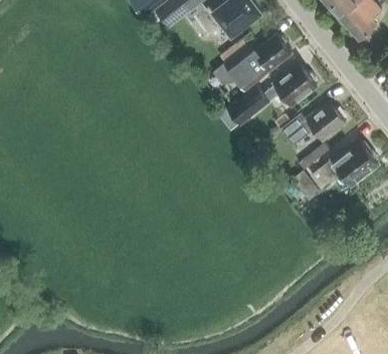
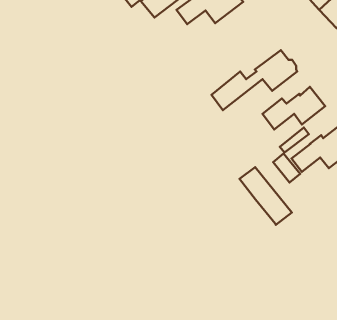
building: [213,33,292,89] -> none
building: none -> [239,167,292,225]

